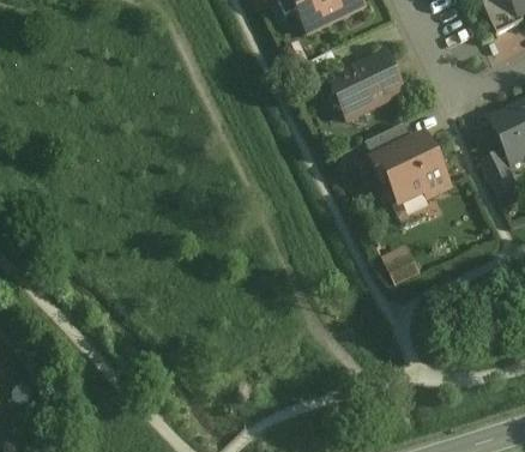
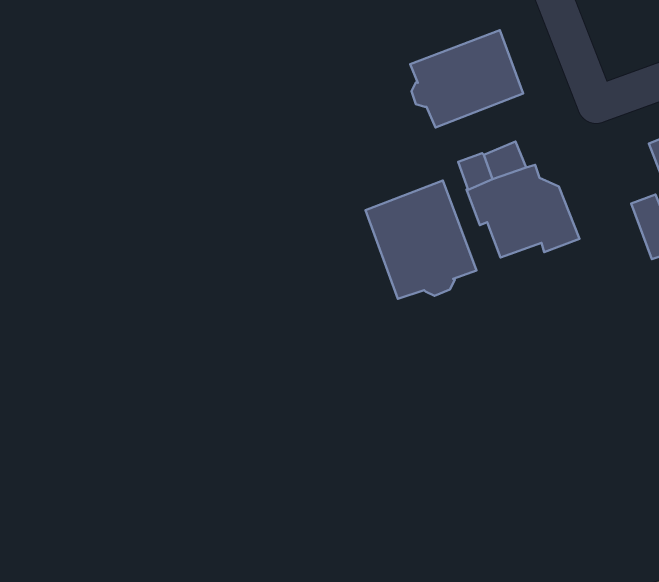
building: none -> [366,181,476,299]

